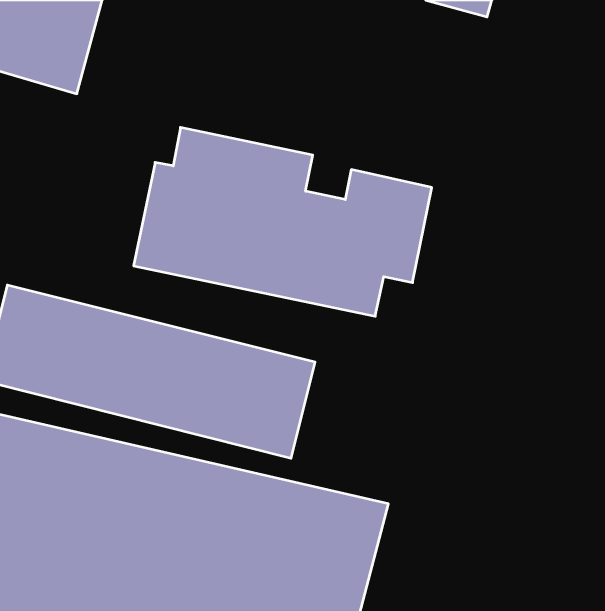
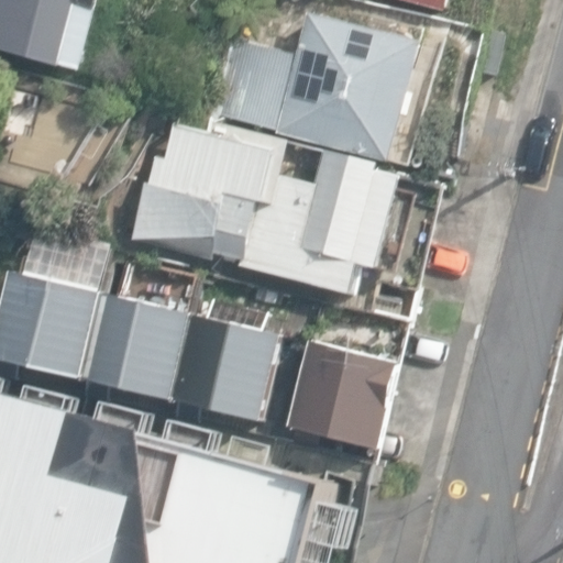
building: none -> [206,18,415,157]
building: none -> [292,343,400,453]

